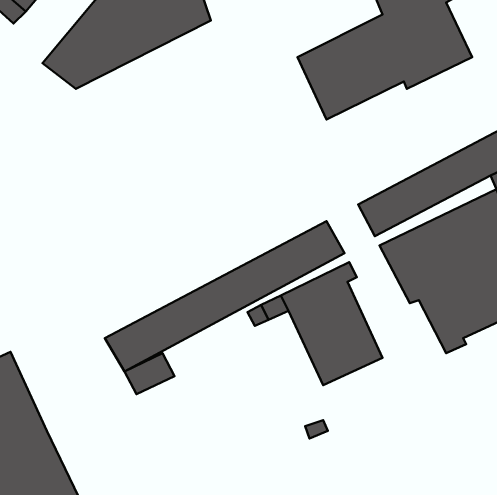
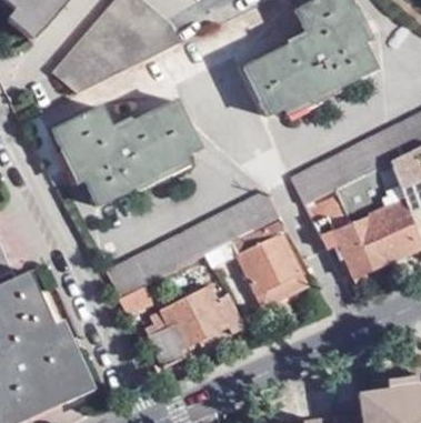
building: none -> [50,101,194,203]
building: none -> [144,284,244,366]

